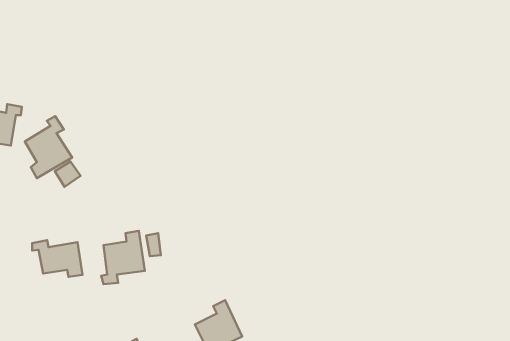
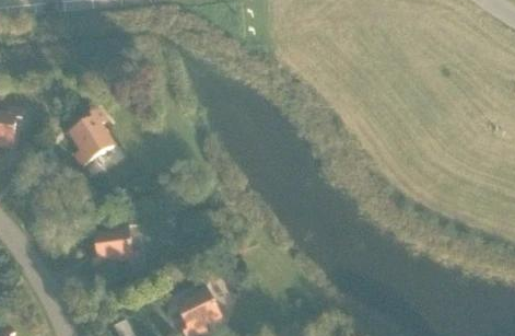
building: [25,116,72,178] -> [70,108,113,164]
building: [32,240,83,277] -> none

